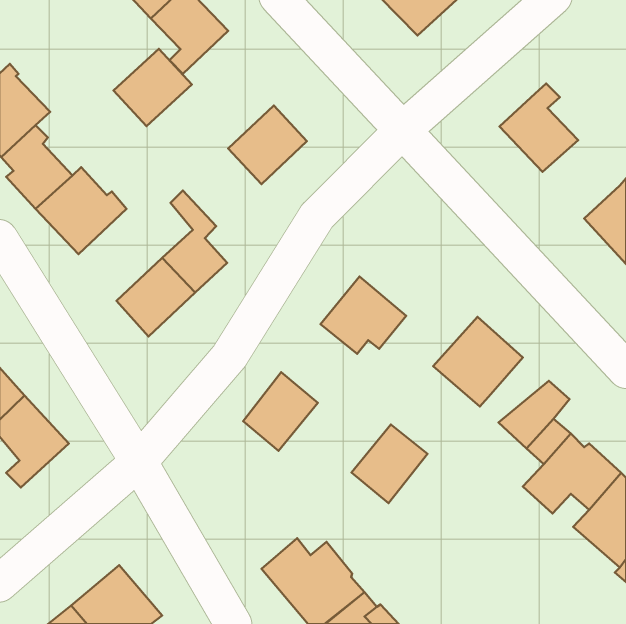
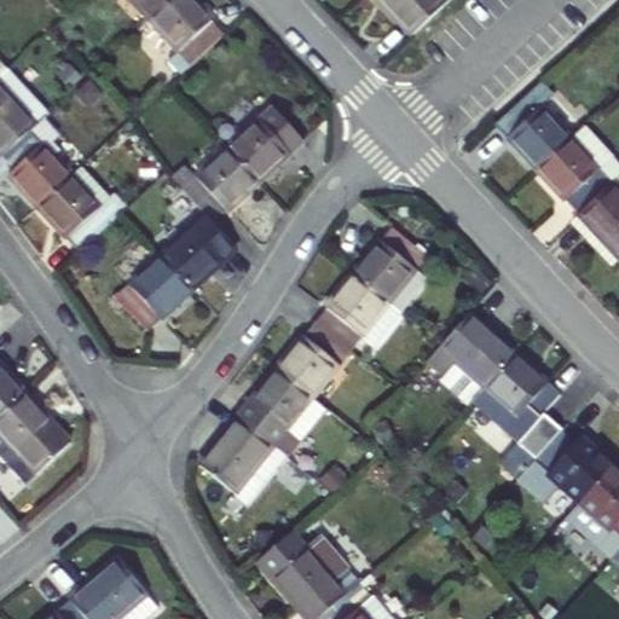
building: [113,49,192,126] -> [180,146,258,222]
building: none -> [534,126,611,215]
building: none -> [354,225,428,311]
building: none -> [473,352,540,416]
building: none -> [199,415,288,503]
building: [352,424,428,503] -> [277,319,352,397]

